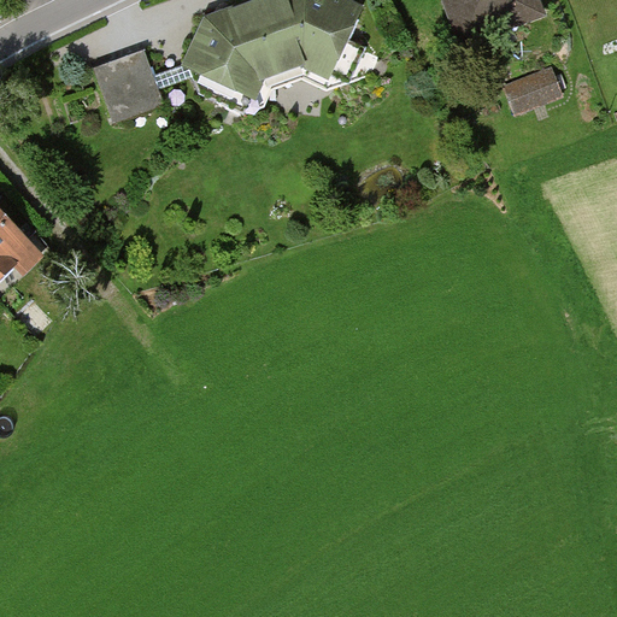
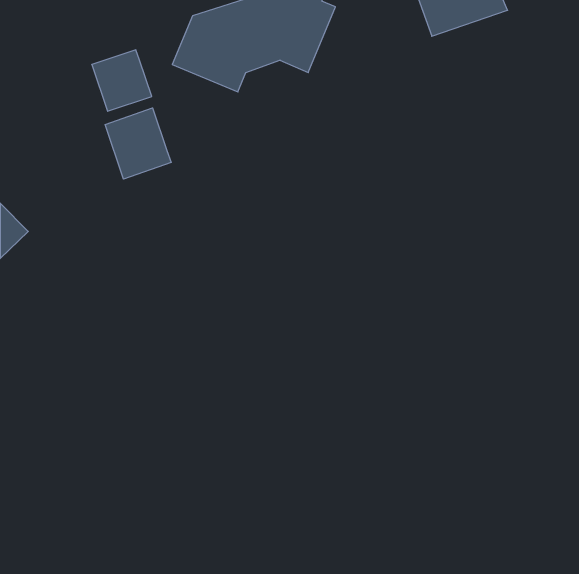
building: [510,67,560,107] -> none
building: none -> [105,108,171,179]

